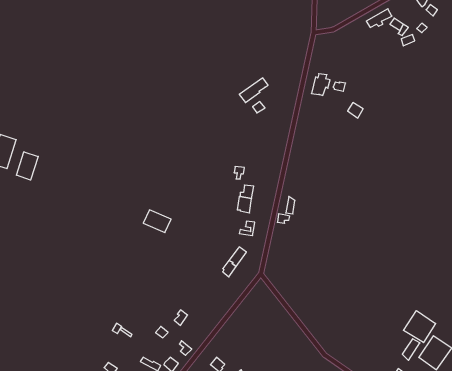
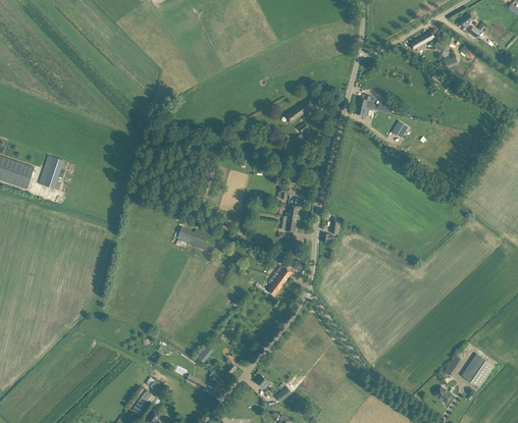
building: [16,152,38,180] -> none
building: [403,311,436,343] -> none

